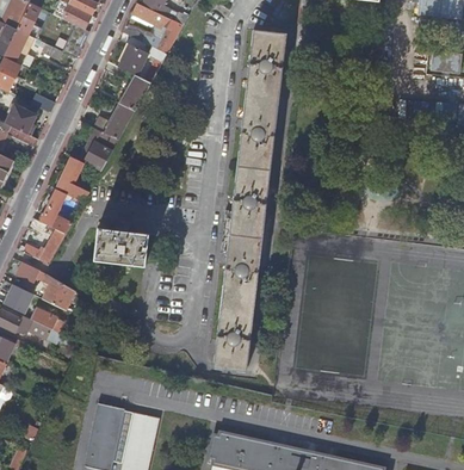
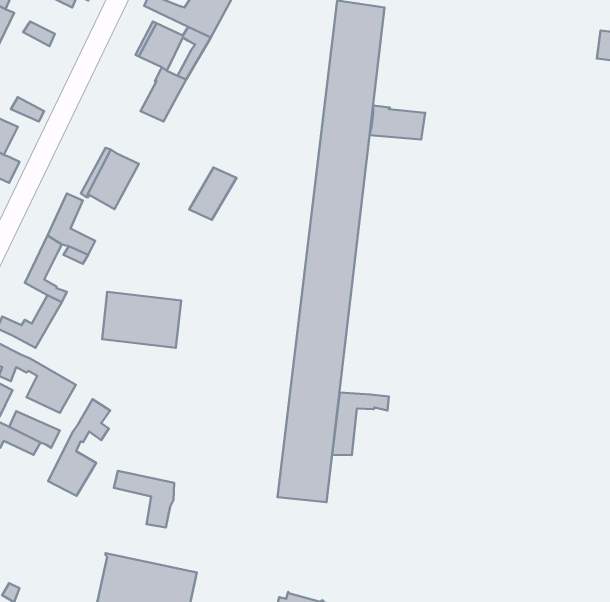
building: none -> [370,106,425,140]
building: [103,104,135,140] -> [189,167,236,220]
building: none -> [332,392,389,455]
building: none -> [48,399,110,496]
building: none -> [114,471,174,528]

